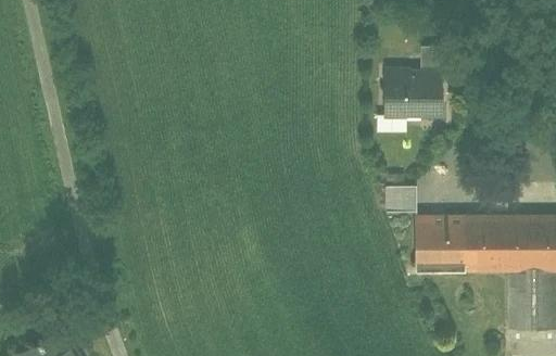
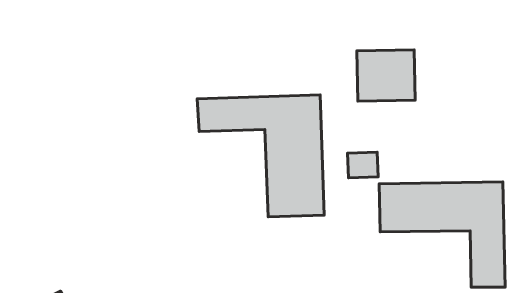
building: none -> [197,95,324,217]

